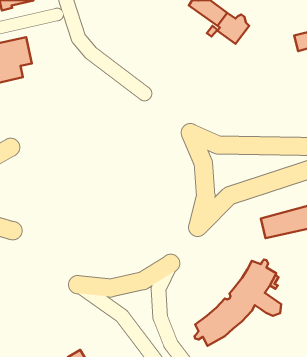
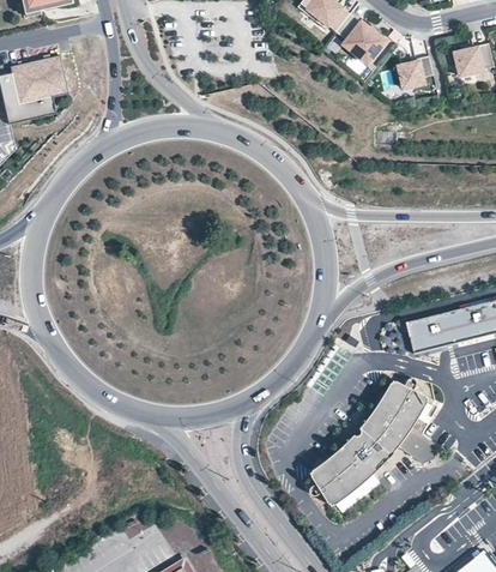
building: none -> [397,55,434,89]

